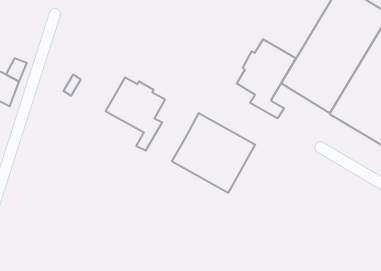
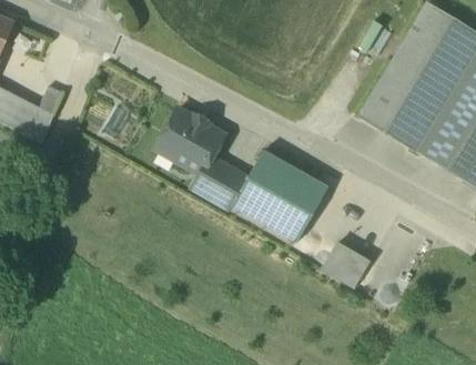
building: [237,39,296,118] -> none
building: none -> [201,161,247,210]
building: none -> [321,243,368,287]

